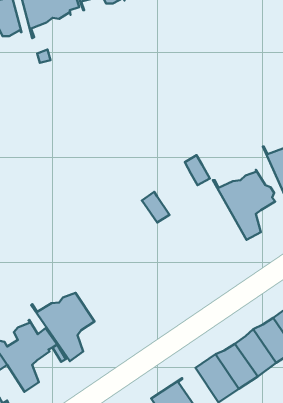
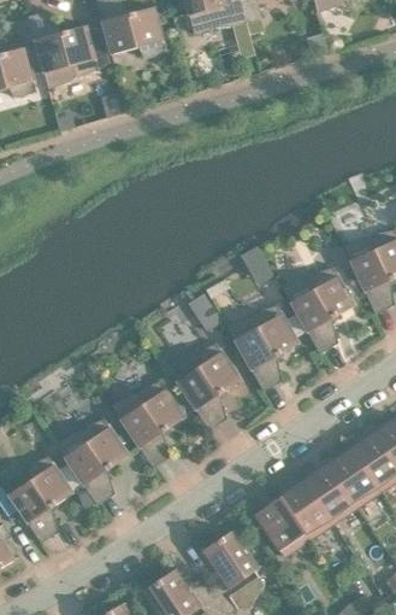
building: none -> [225,303,297,391]
building: none -> [170,341,240,430]
building: none -> [105,379,183,468]

